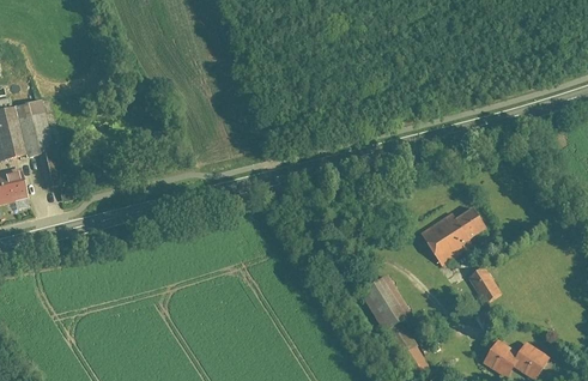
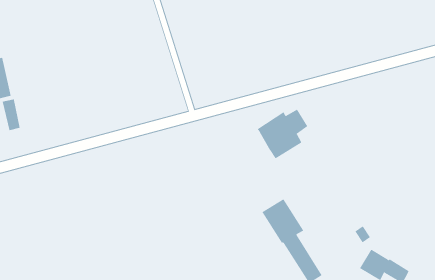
building: [419,208,483,271] -> [257,109,308,159]
building: [465,267,498,303] -> none

